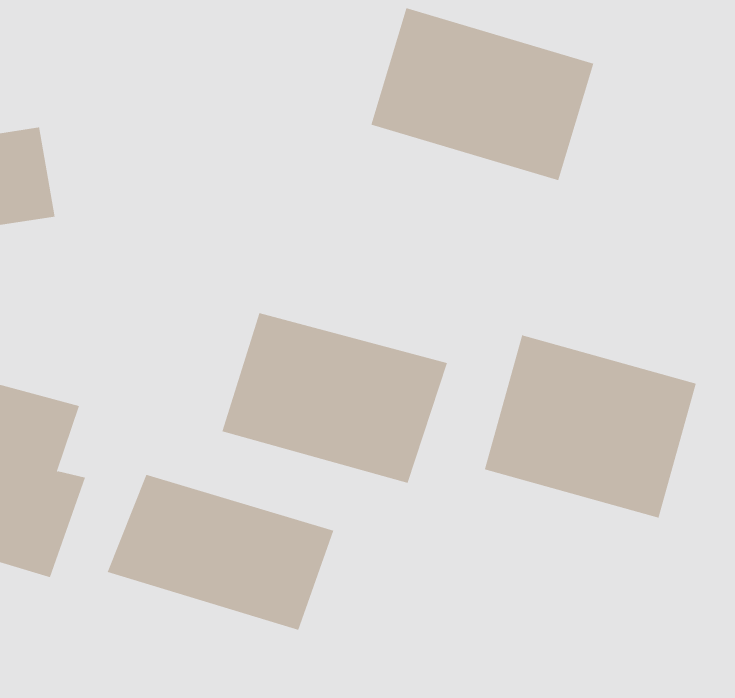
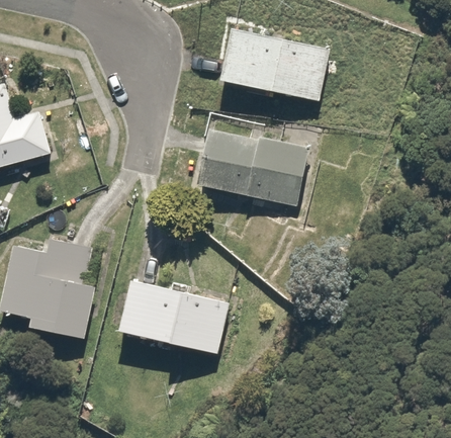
building: [221,312,448,484] -> [192,122,307,204]
building: [484,334,696,518] -> none

